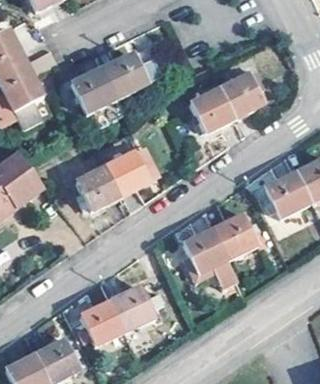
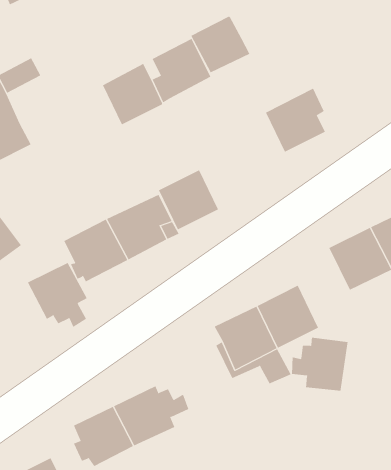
building: none -> [191,16,250,73]
building: [71,69,115,114] -> none
building: [189,89,233,133] -> [158,170,219,230]
building: none -> [27,262,87,328]
building: none -> [291,337,348,392]

